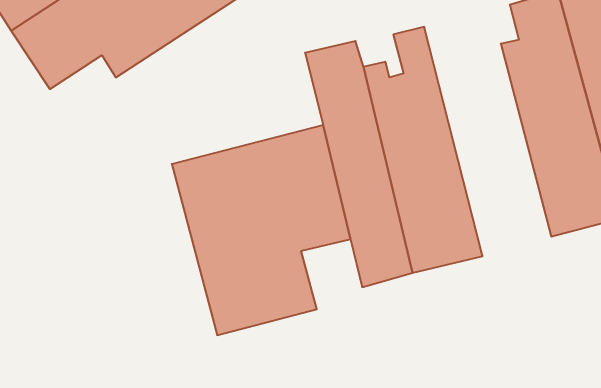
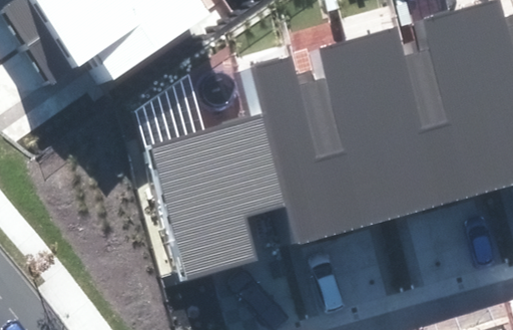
building: none -> [344,29,442,220]

